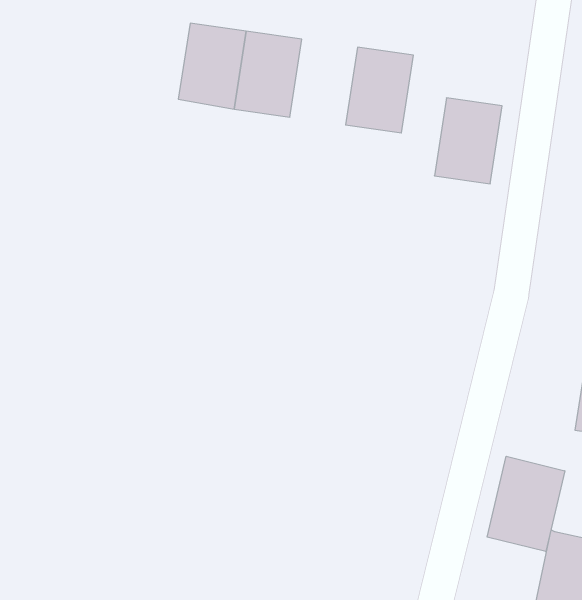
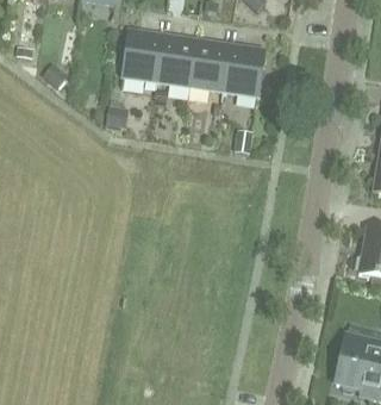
building: [434,98,502,184] -> [189,39,230,91]
building: [487,456,565,552] -> none

